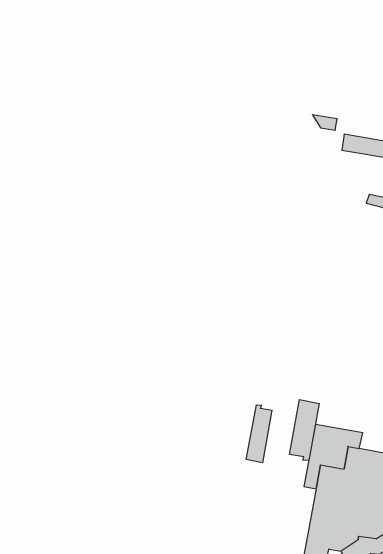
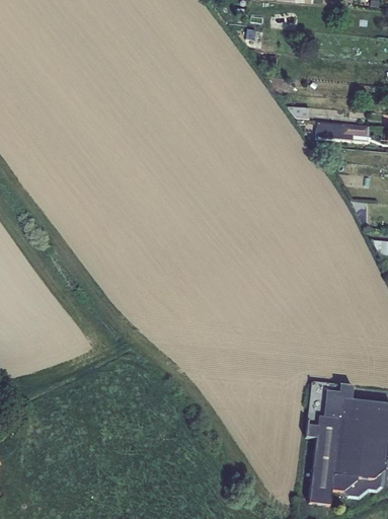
building: [290,400,319,461] -> none
building: [246,405,272,463] -> none

